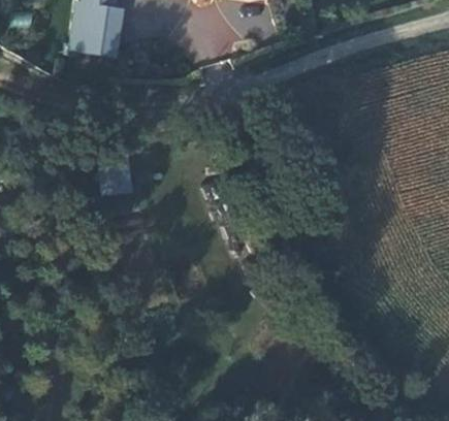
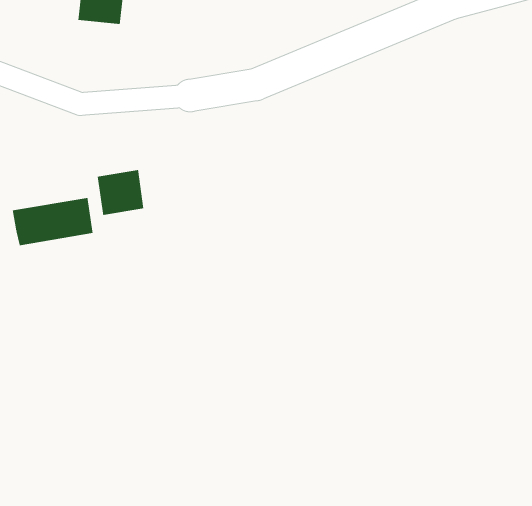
building: none -> [12,197,93,246]

